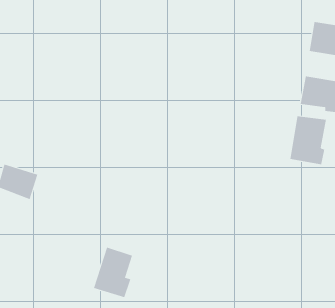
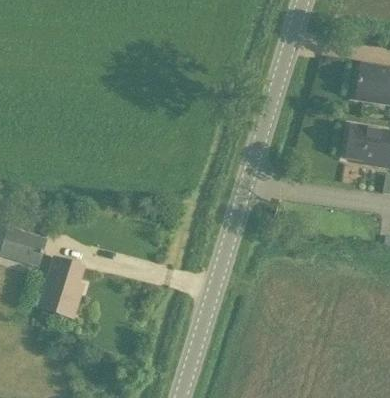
building: [290,115,326,165] -> none
building: [93,247,133,298] -> [38,258,83,316]

